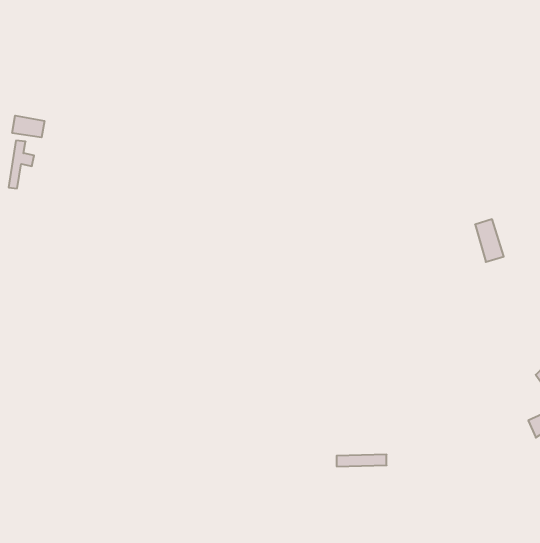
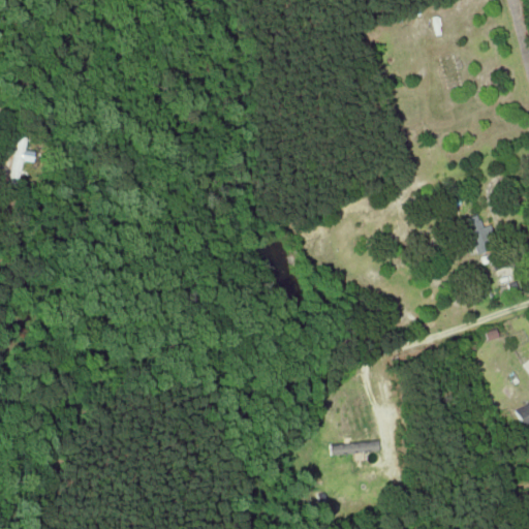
building: [12,116,44,137] -> none

